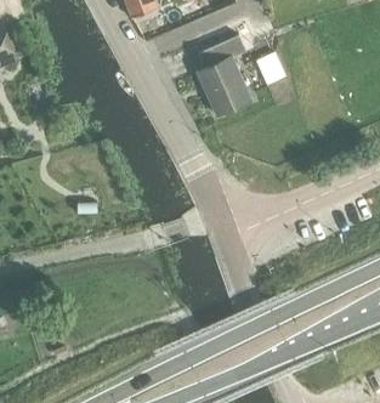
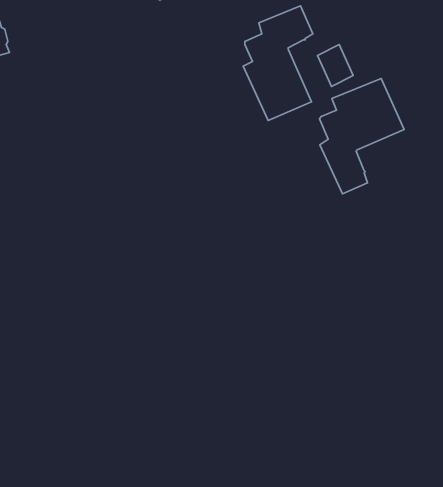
building: none -> [319,78,404,194]

